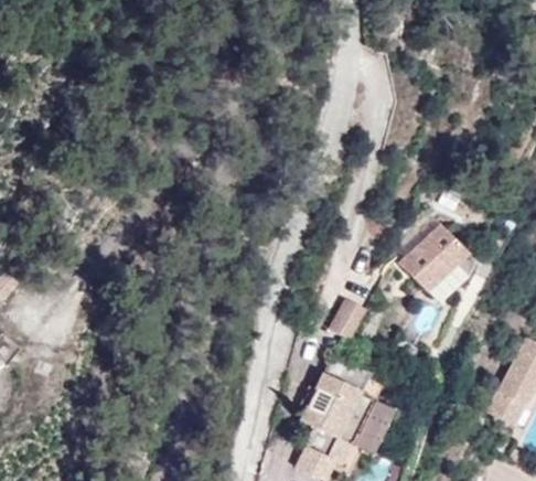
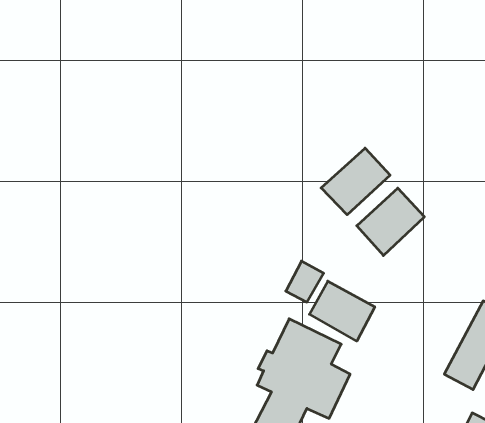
building: none -> [321,148,390,215]
building: none -> [309,281,375,341]

